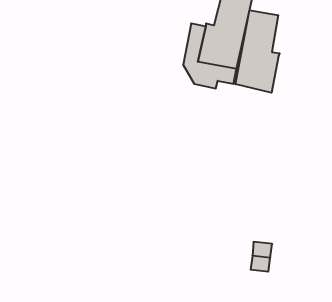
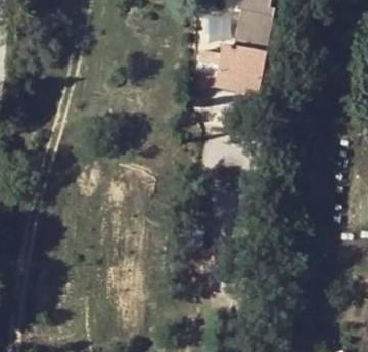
building: [235,10,280,93] -> none

